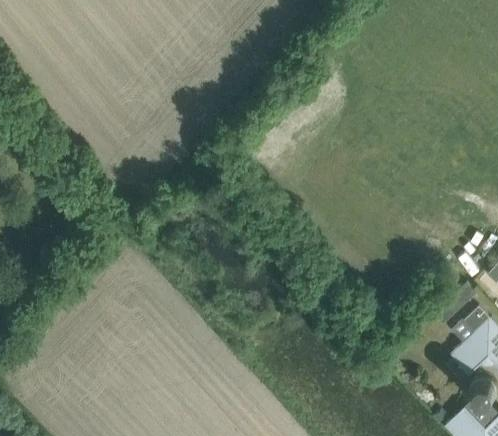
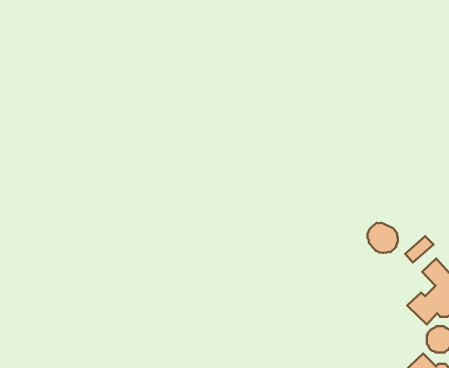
building: none -> [367,223,398,253]

